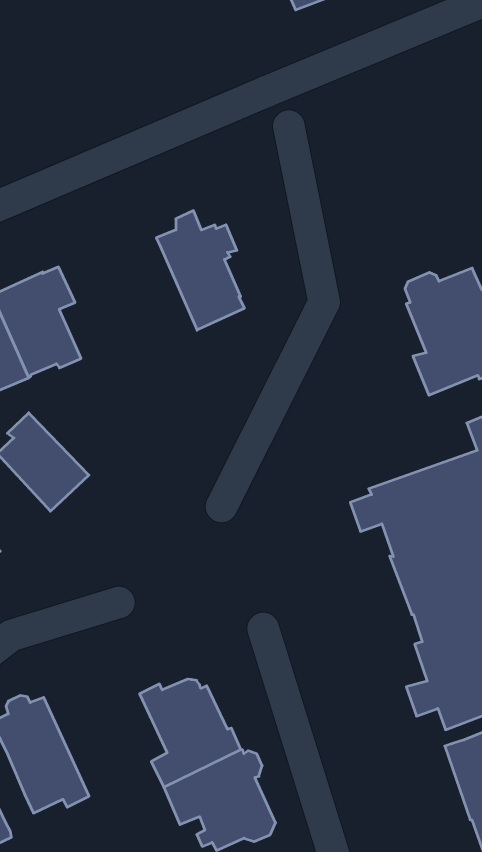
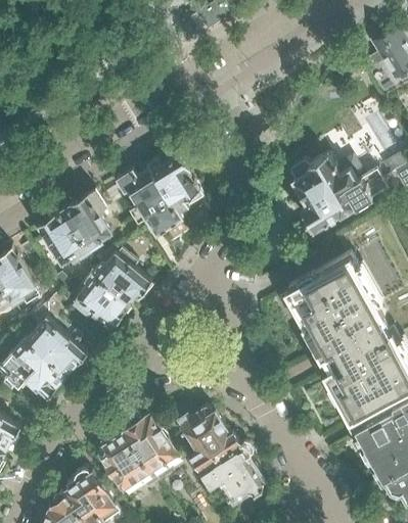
building: none -> [116,170,182,235]
building: none -> [92,251,150,306]
building: none -> [123,415,181,483]

